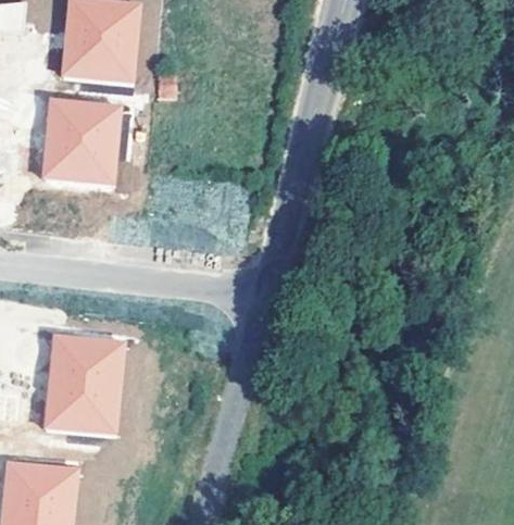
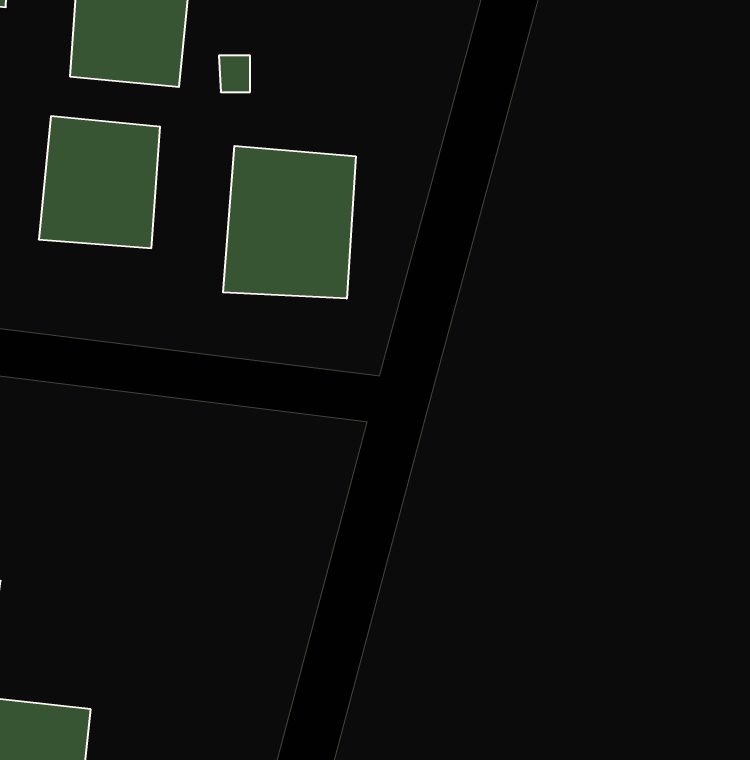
building: none -> [223,146,356,299]
building: [47,335,125,433] -> none

